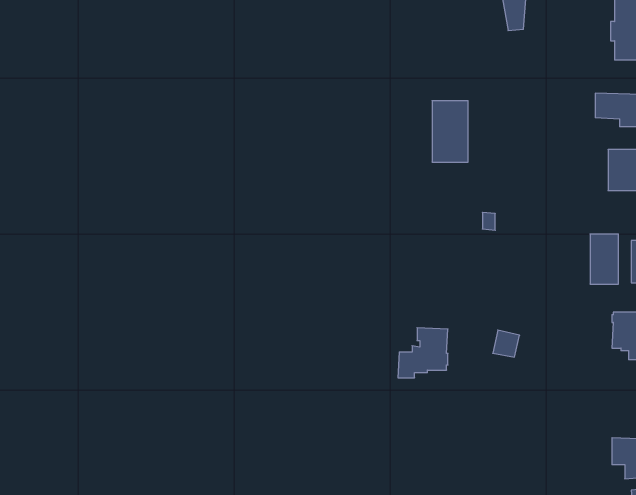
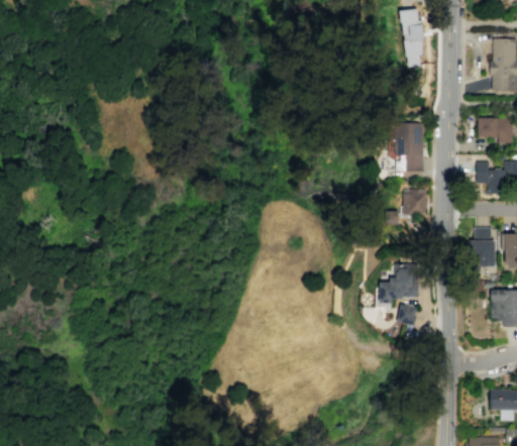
building: [432,101,468,162] -> [396,123,424,172]
building: none -> [404,193,427,216]
building: [398,328,448,378] -> [379,263,418,303]

